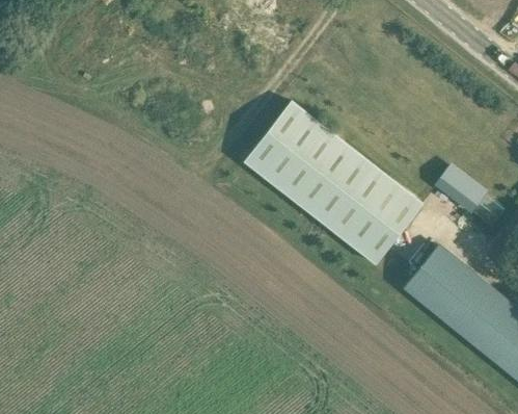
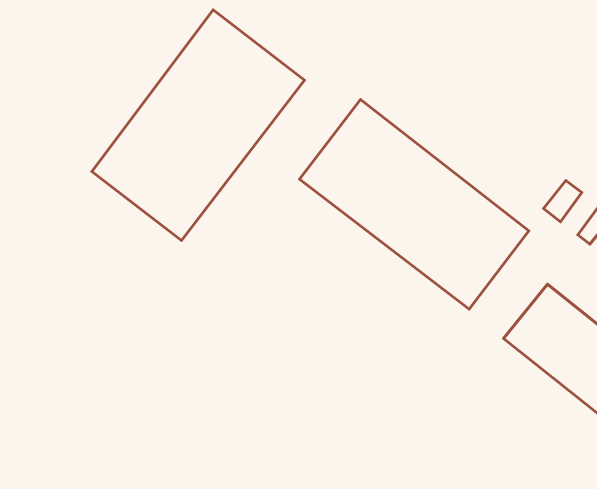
building: none -> [92,10,305,241]

